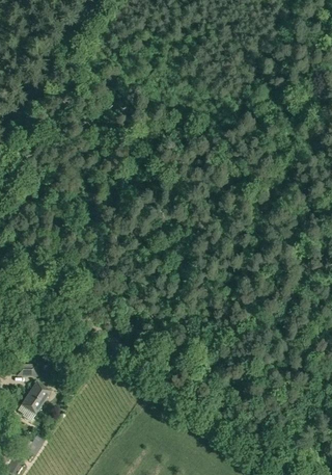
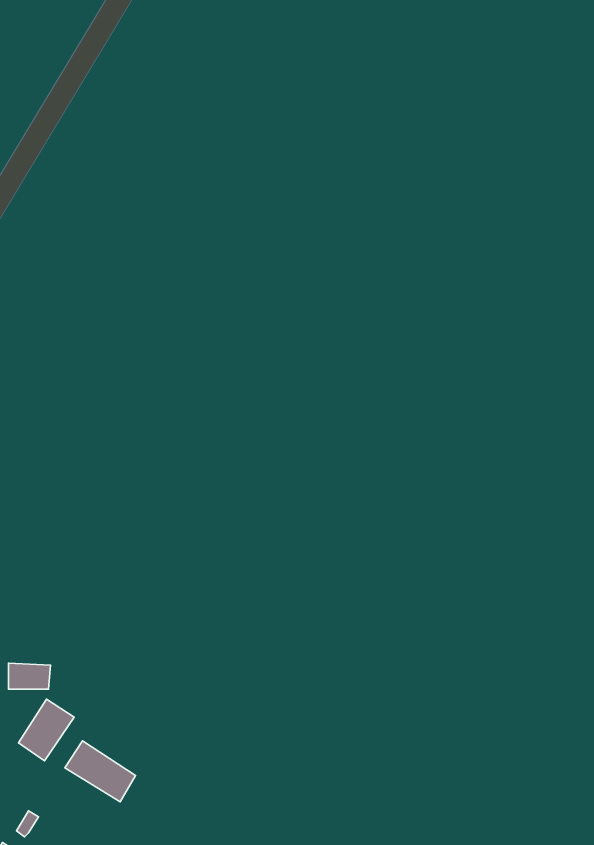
building: none -> [65,741,136,802]

